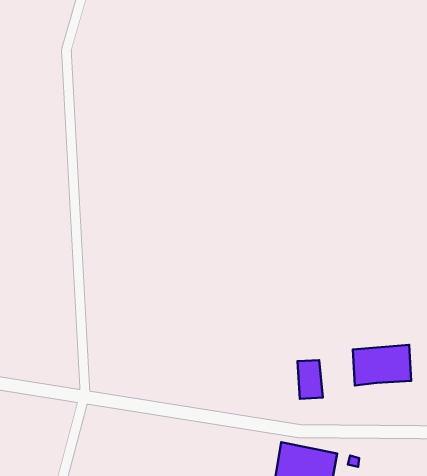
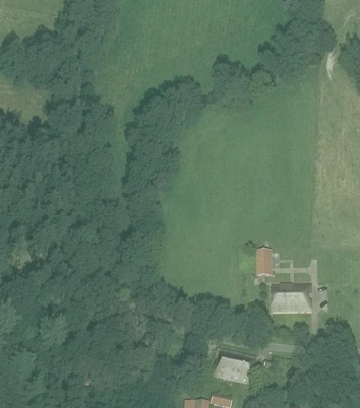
building: [298,360,323,399] -> [255,249,272,275]

